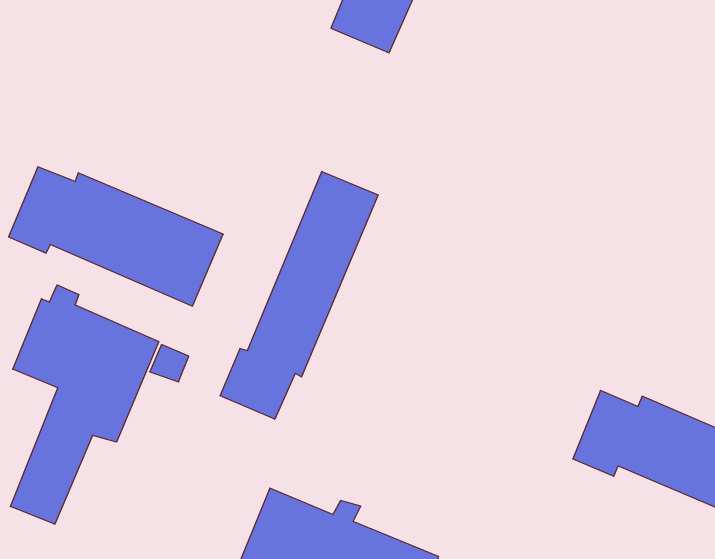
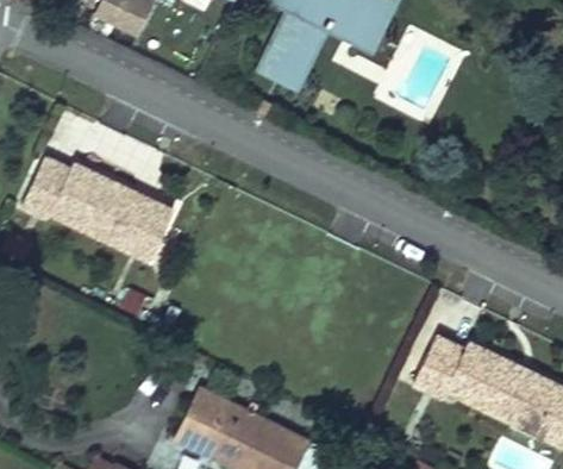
building: [220,171,378,419] -> none
building: [10,285,159,524] -> none

